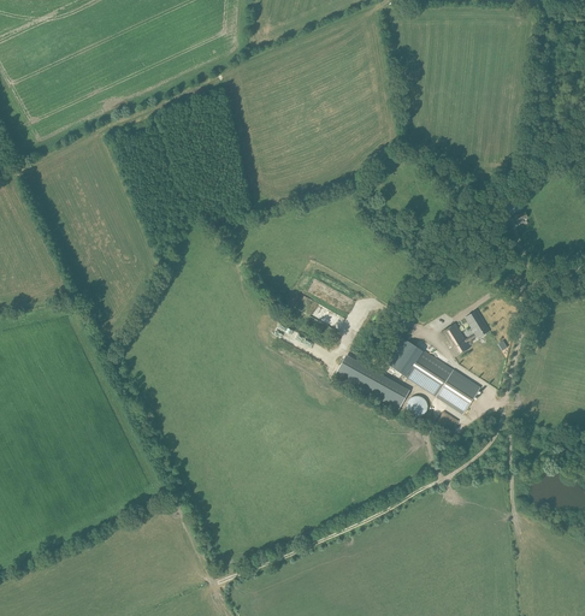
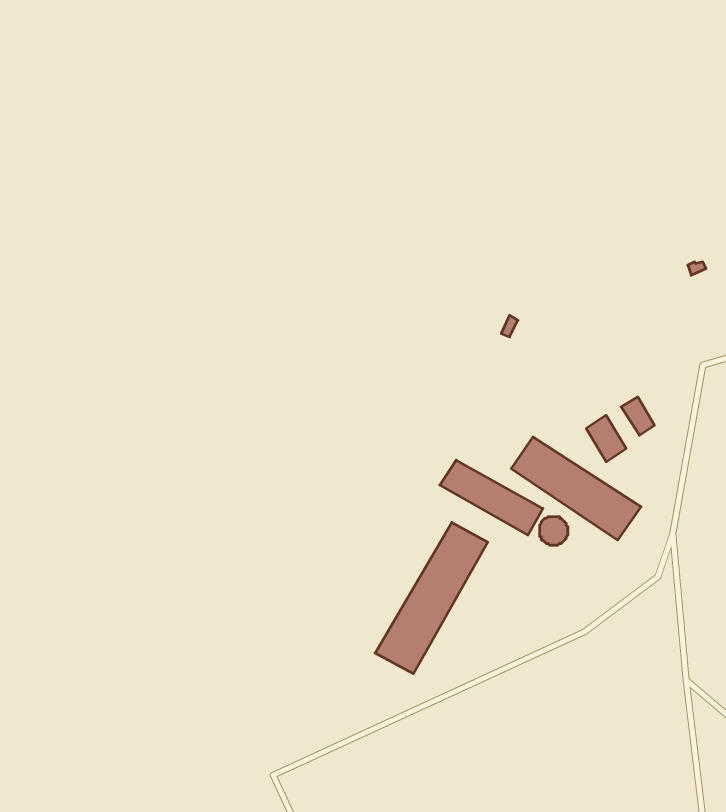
building: none -> [375,522,488,674]

